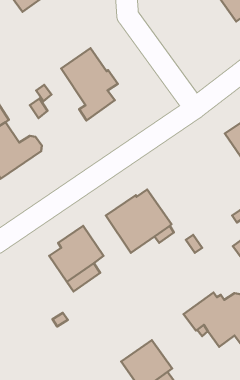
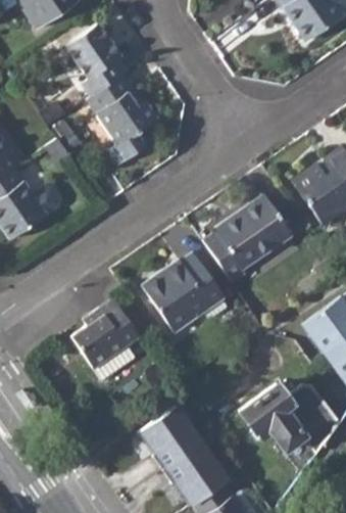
building: none -> [65,24,127,97]
building: none -> [205,194,295,281]
building: none -> [137,406,201,469]

